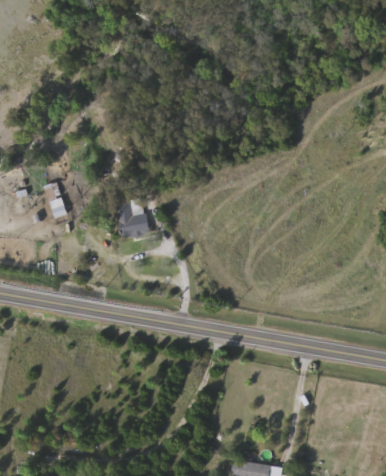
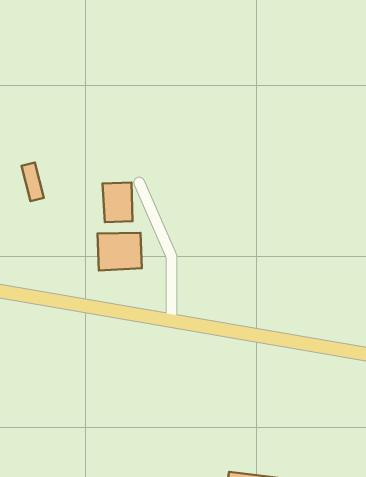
building: none -> [98,233,142,270]

